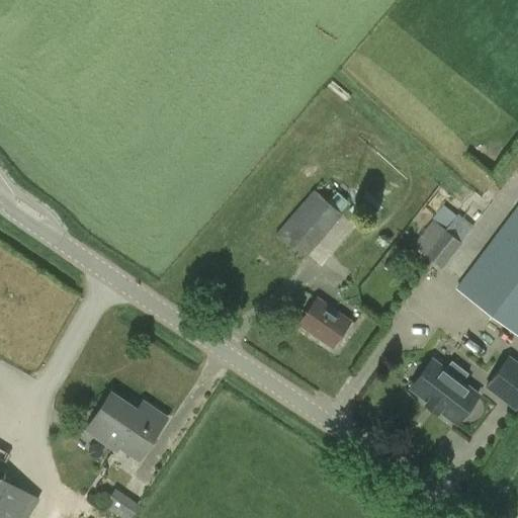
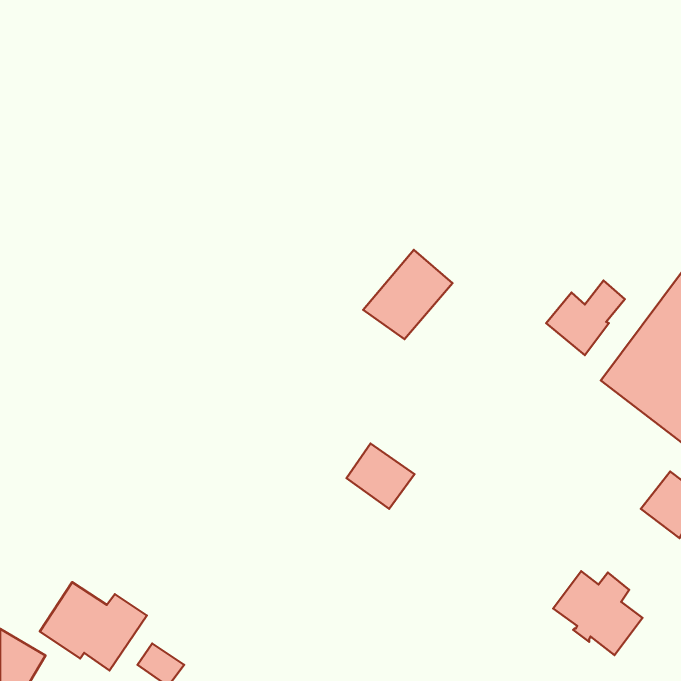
building: [300,298,352,348] -> [346,443,414,509]
building: [411,360,479,424] -> [553,571,643,655]
building: [86,394,167,460] -> [40,582,147,670]

